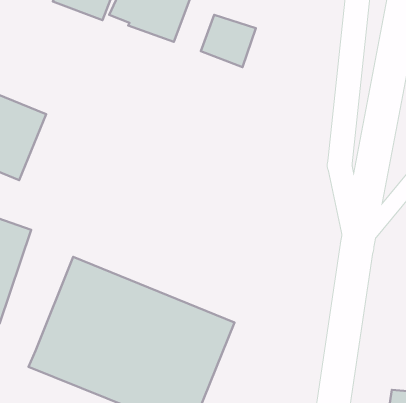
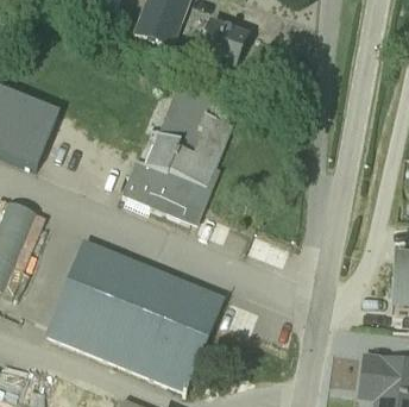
building: none -> [121,83,232,224]

